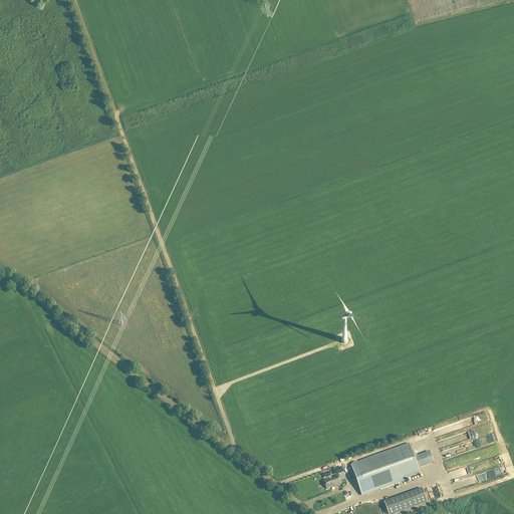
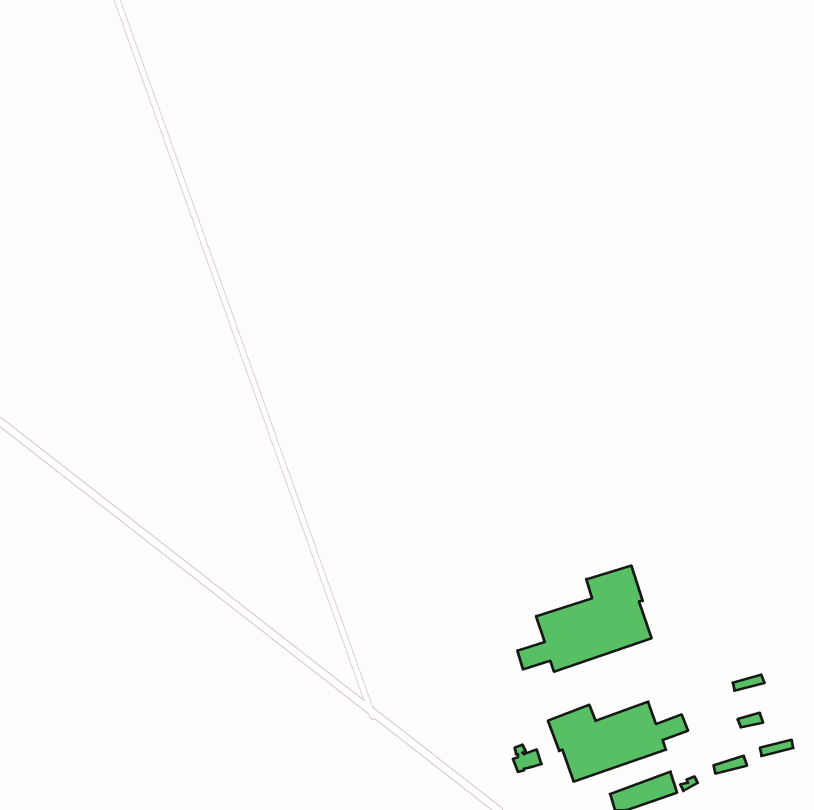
building: none -> [518,566,651,672]

